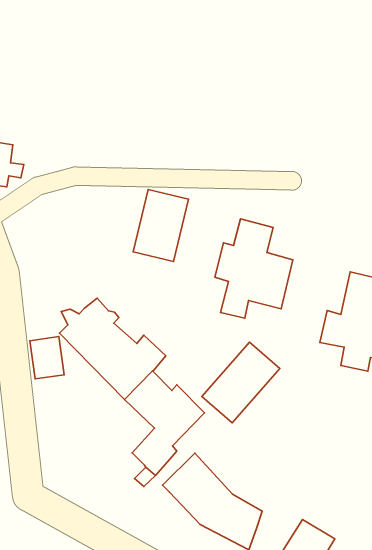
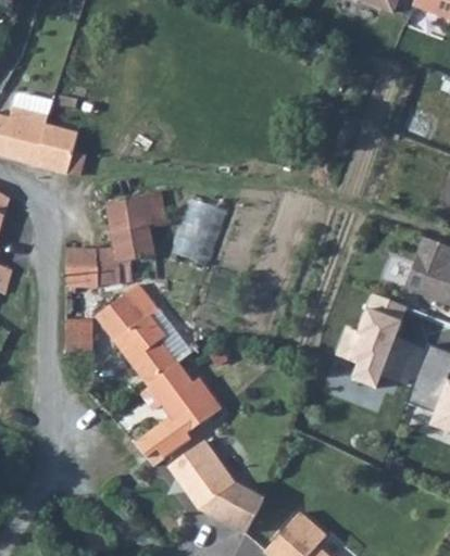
building: none -> [66,189,163,286]
building: [215,219,293,318] -> none
building: [202,342,280,423] -> none

